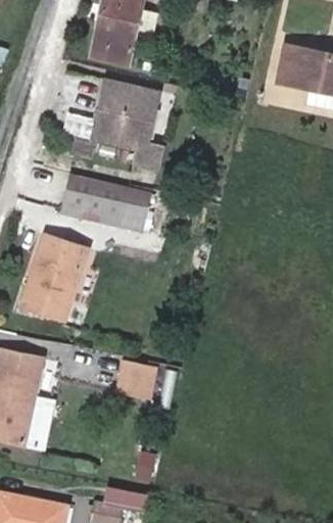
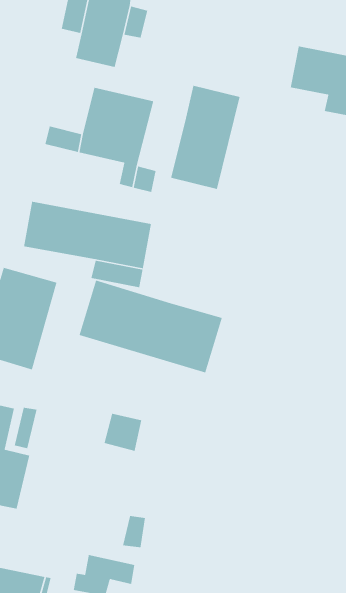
building: none -> [170,85,240,190]
building: none -> [79,280,223,373]

